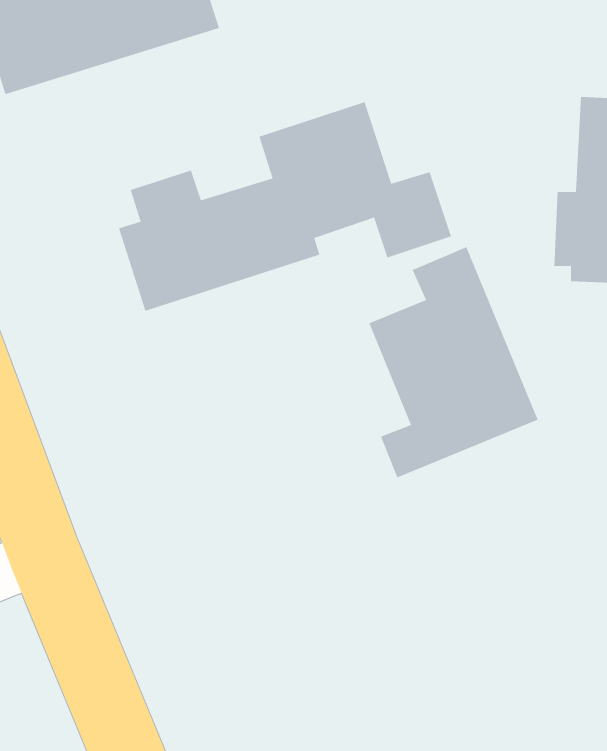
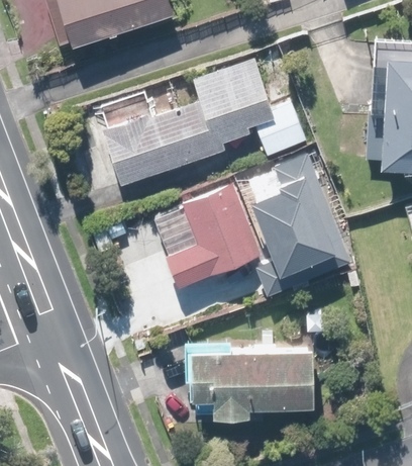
building: none -> [166,185,261,287]
building: none -> [183,346,309,420]

